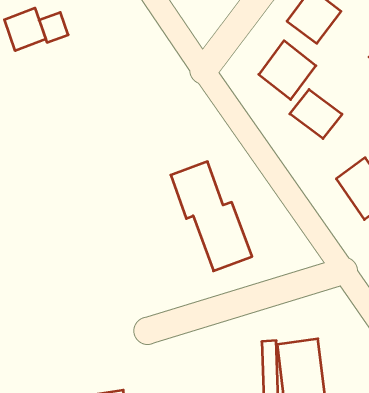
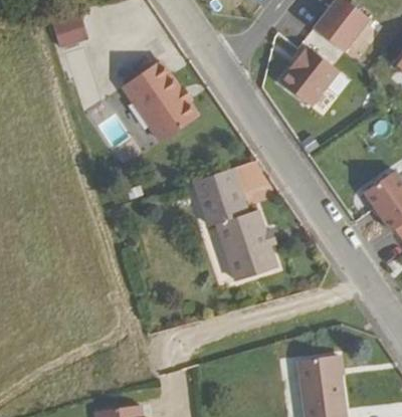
building: [4,8,46,51] -> none
building: none -> [125,60,200,141]
building: [290,89,342,139] -> none

